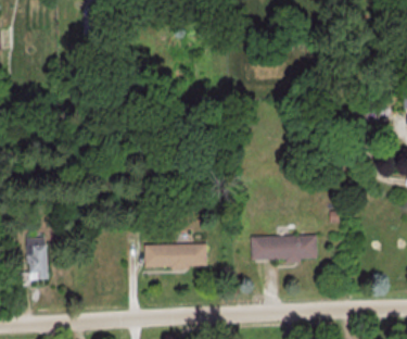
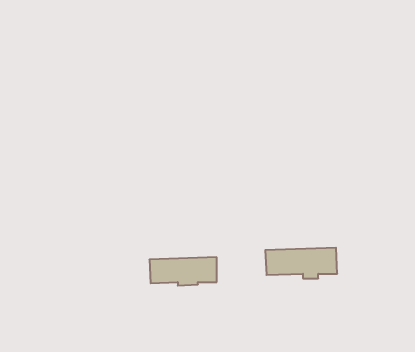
building: [28,238,49,279] -> none

